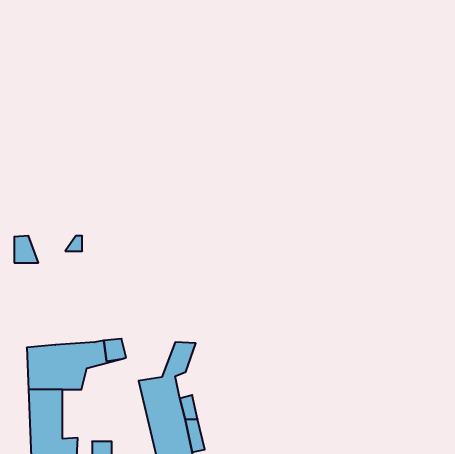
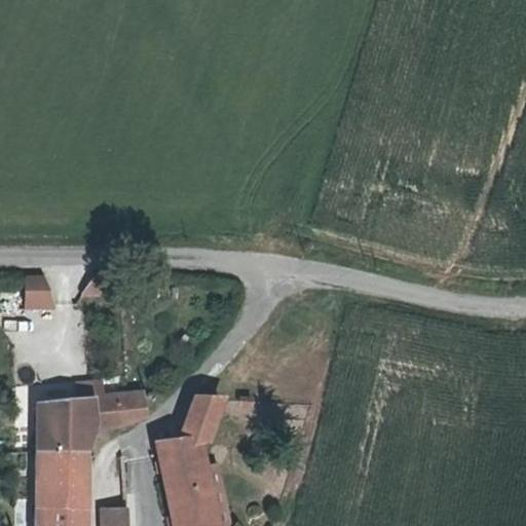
building: none -> [72,451,93,508]

